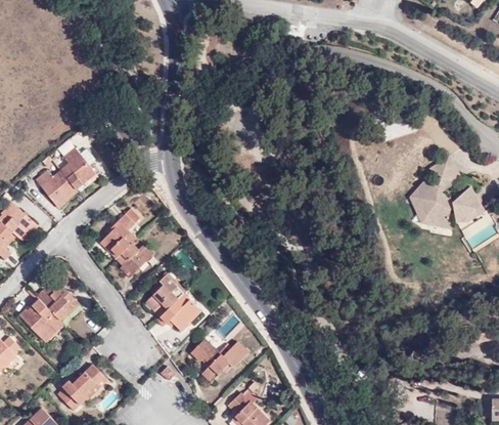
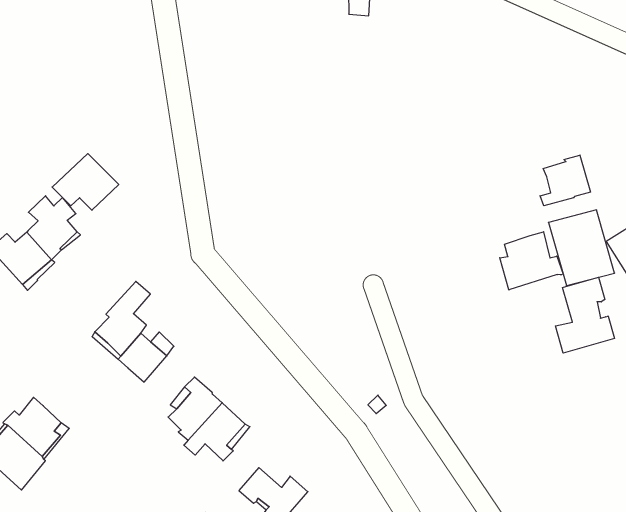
building: none -> [52,154,119,210]
building: none -> [540,155,591,206]
building: none -> [500,232,563,290]
building: none -> [555,277,615,353]

